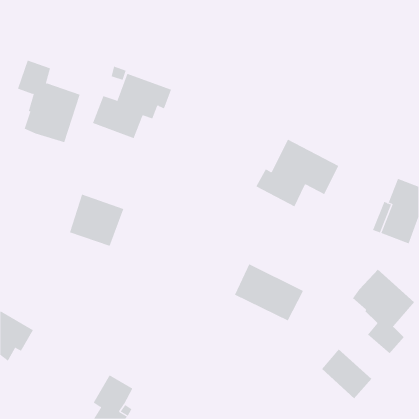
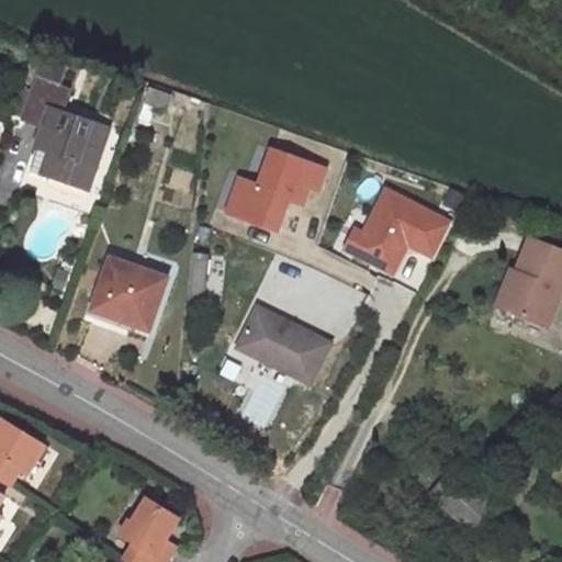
building: [92,73,172,139] -> [223,145,329,233]
building: [234,264,304,321] -> [236,306,329,383]
building: [352,269,415,354] -> none

